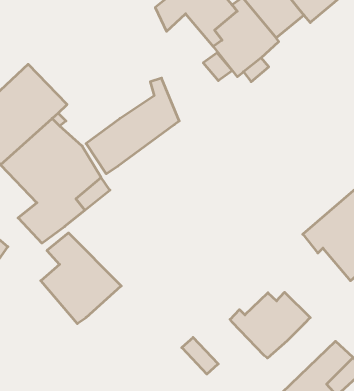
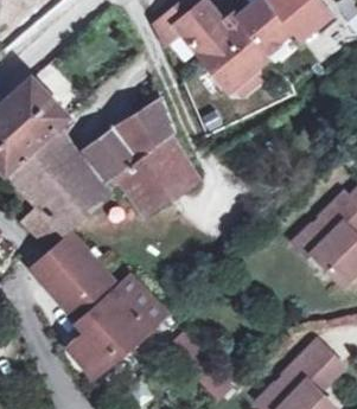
building: none -> [114,135,193,210]
building: none -> [68,277,165,376]
building: [230,292,310,358] -> none

